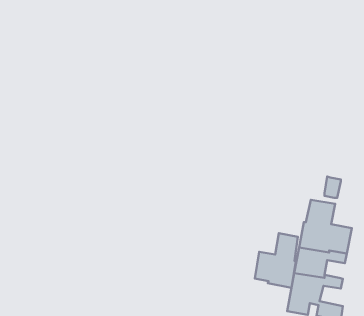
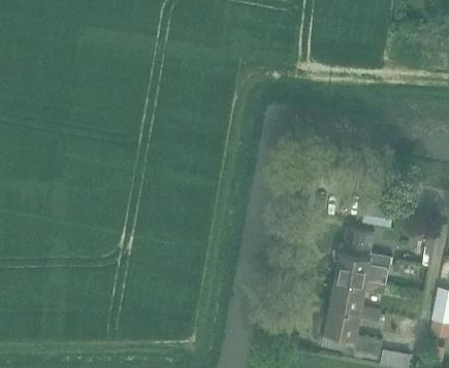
building: [255,233,298,288] -> none

